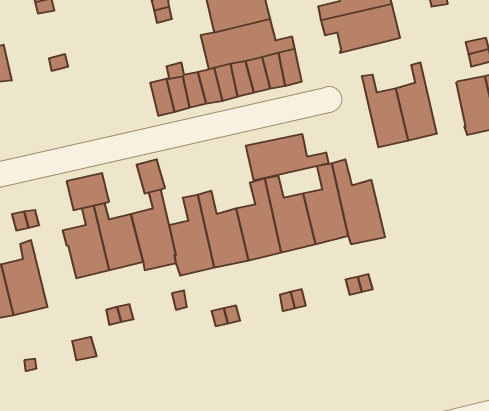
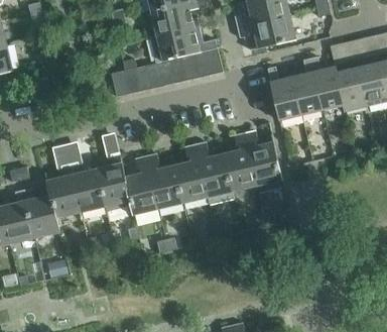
building: none -> [310,58,344,111]
building: [246,134,329,181] -> none
building: none -> [23,189,59,239]

